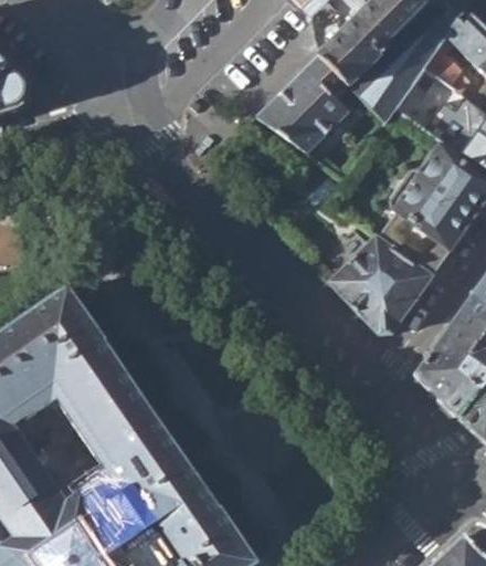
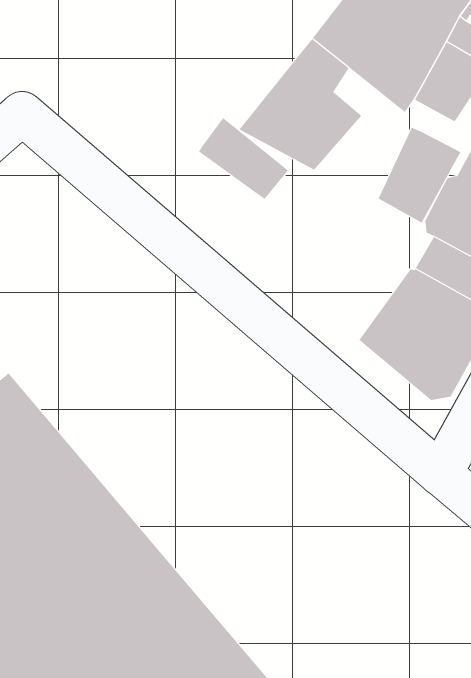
building: none -> [198,117,289,200]
building: none -> [378,127,461,223]

